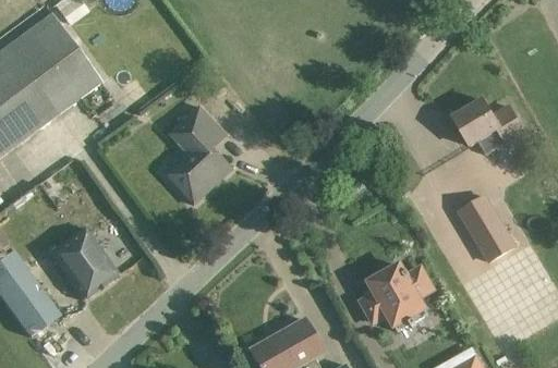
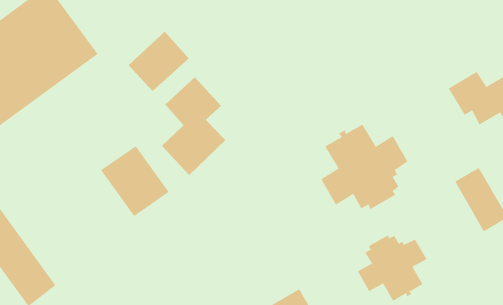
building: none -> [128,31,189,92]
building: none -> [321,124,408,210]
building: [49,228,119,299] -> [100,145,170,217]

